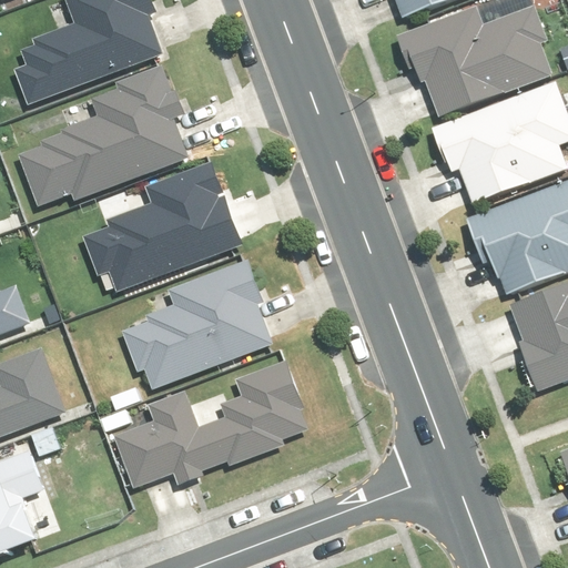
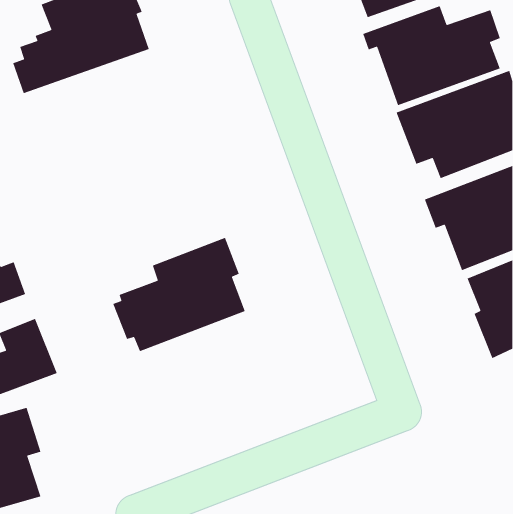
building: [18,65,189,207] -> none
building: [83,163,242,286] -> none
building: [114,359,306,489] -> none

